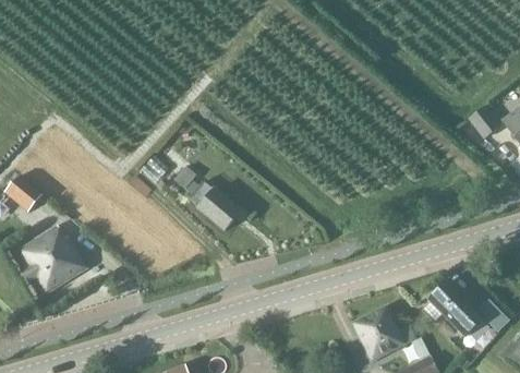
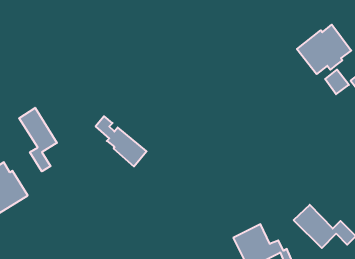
building: none -> [297,25,351,74]
building: none -> [19,108,57,171]

